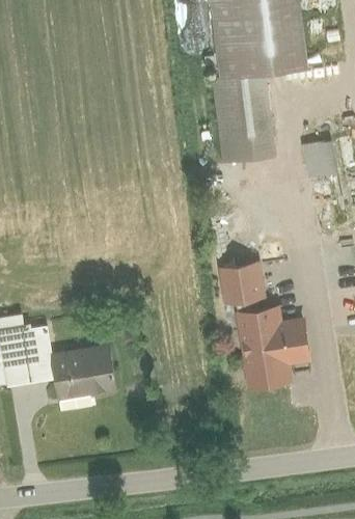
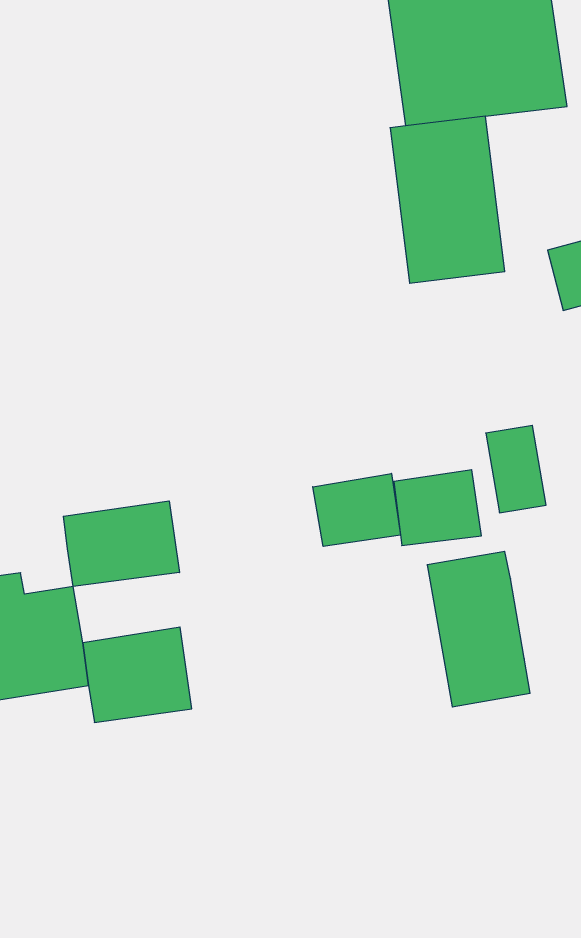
building: none -> [313,473,400,546]
building: none -> [63,501,179,586]
building: [280,317,312,363] -> [486,425,546,513]

